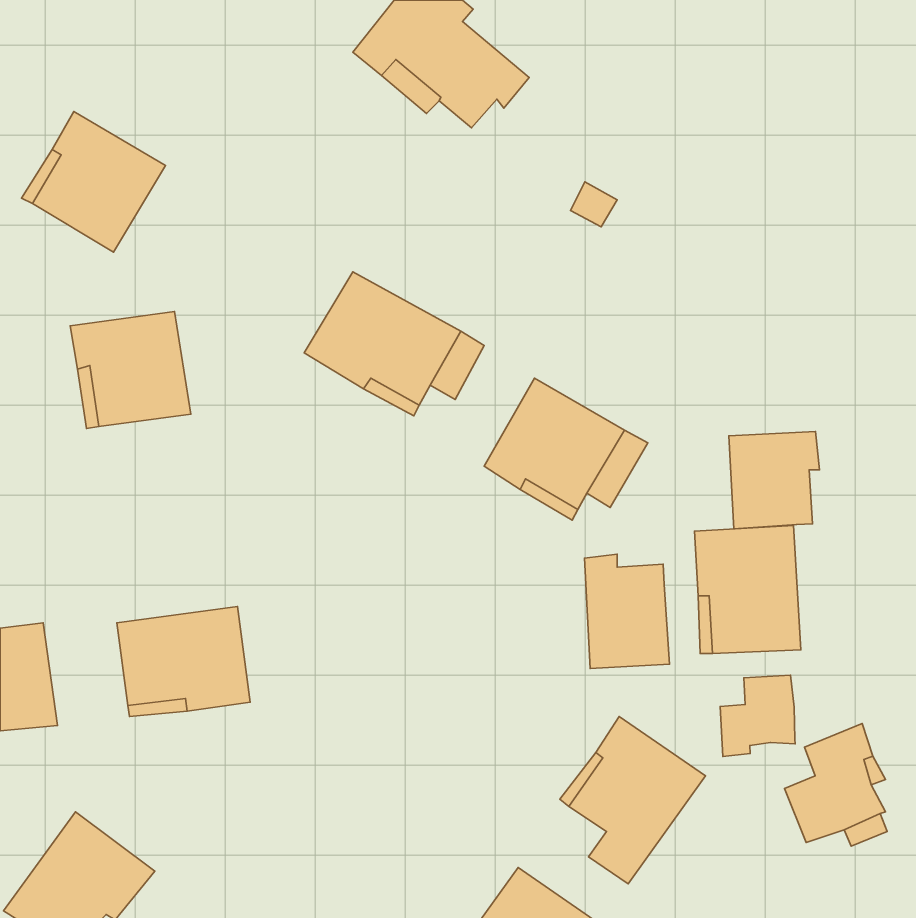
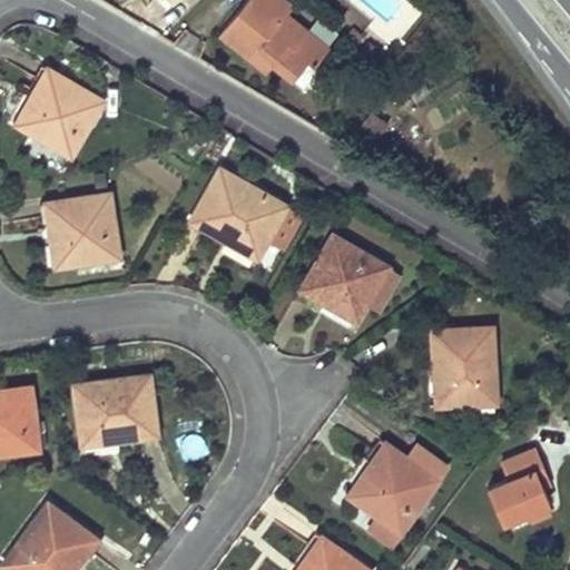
building: [729,432,820,529] -> none
building: [585,554,669,668] -> none
building: [720,675,795,757] -> none

